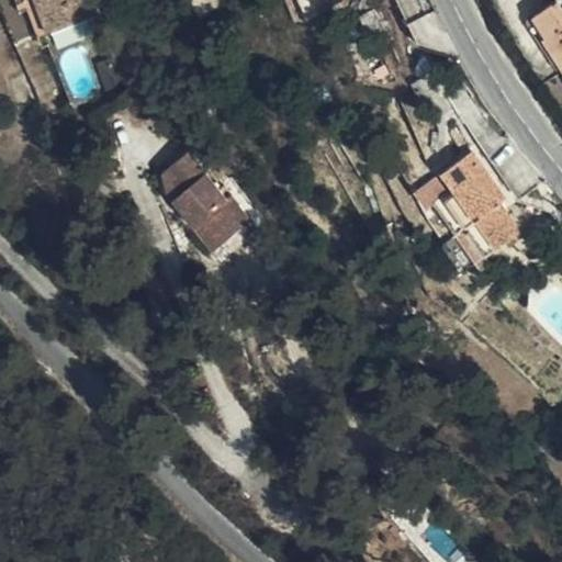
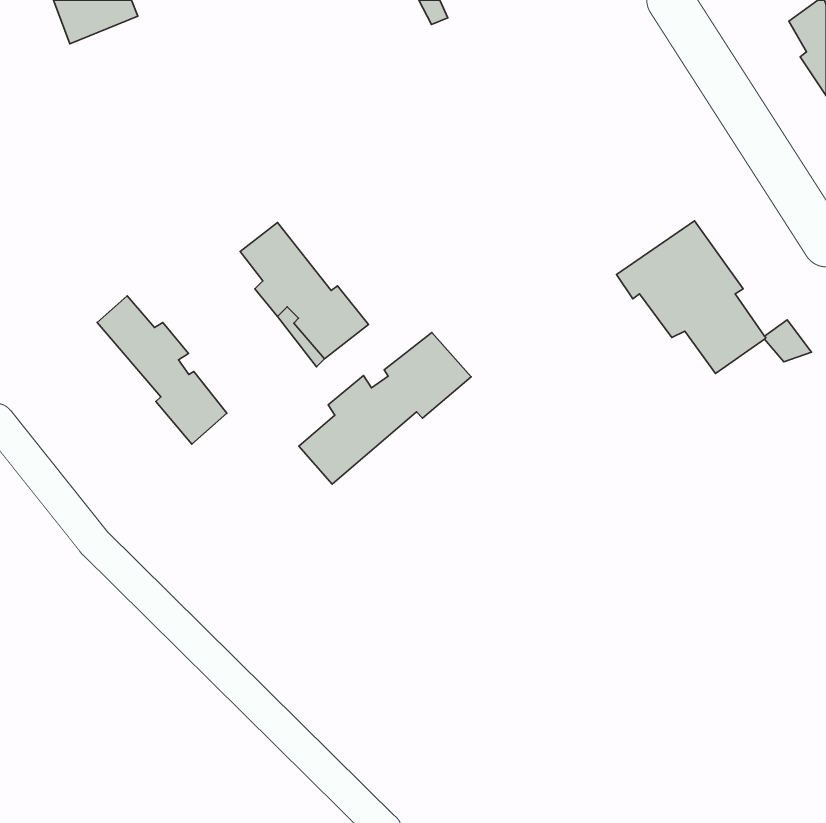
building: none -> [97,296,227,444]
building: none -> [299,332,471,484]

